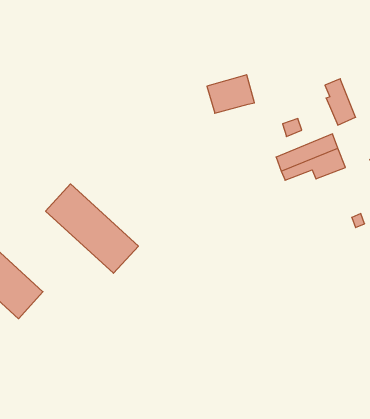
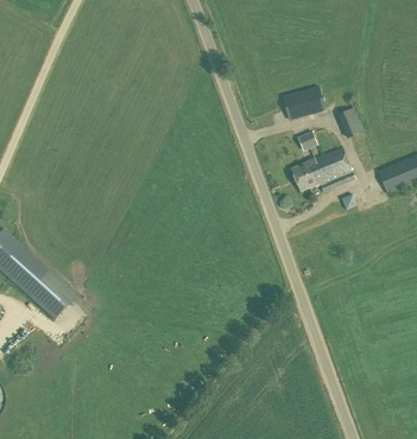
building: [207,75,254,113] -> [282,84,326,120]
building: [46,184,138,273] -> none

